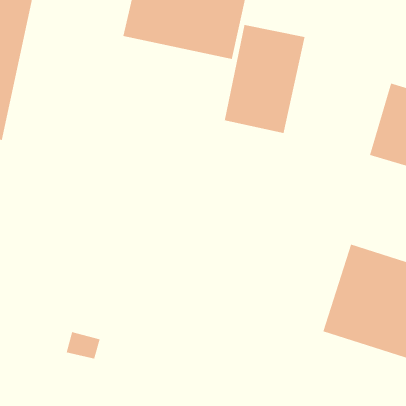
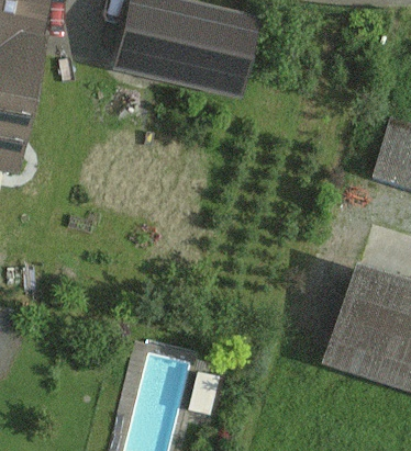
building: [224,24,305,134] -> none

